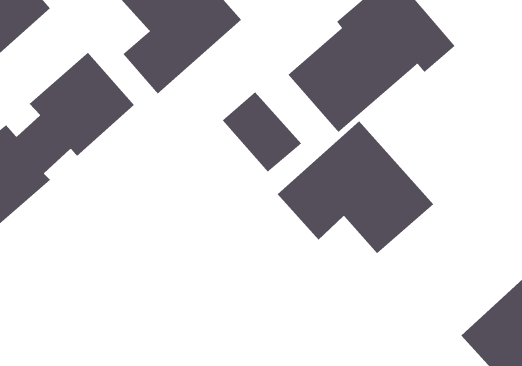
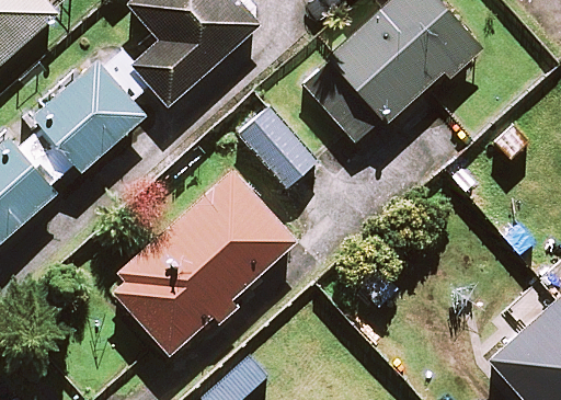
building: [277,121,434,254] -> none
building: none -> [113,171,295,354]

